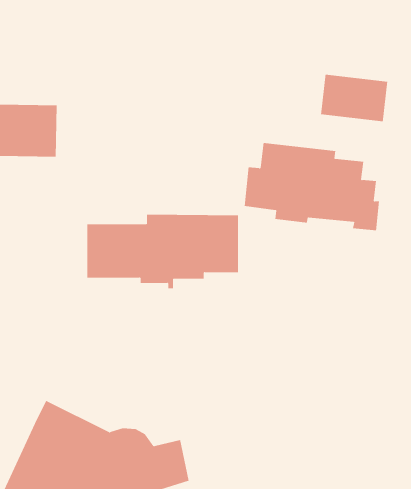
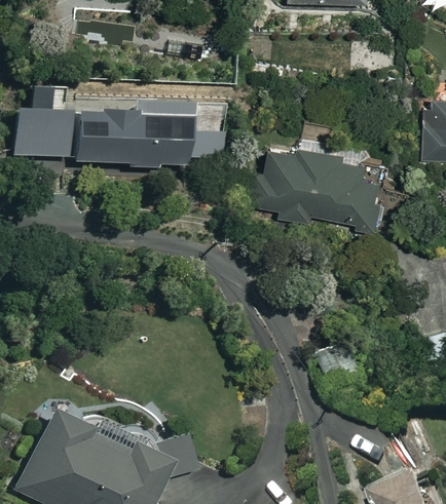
building: [320,74,388,122] -> none
building: [87,214,239,289] -> [75,103,222,175]

